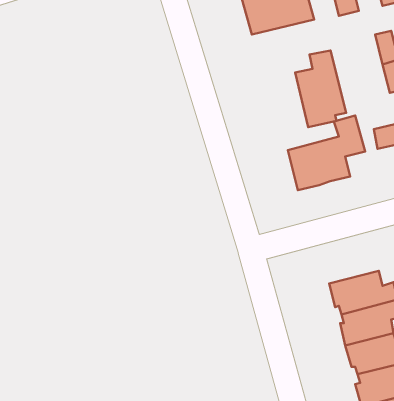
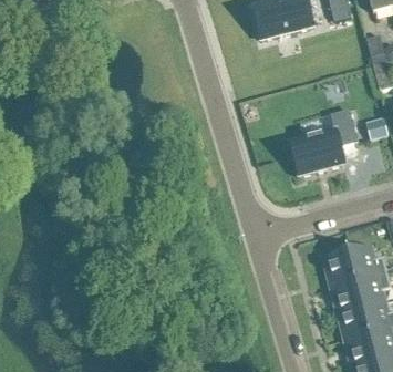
building: [295,50,346,127] -> none

